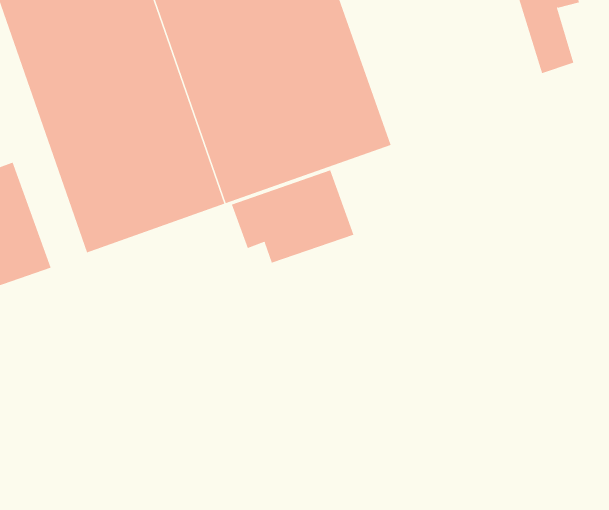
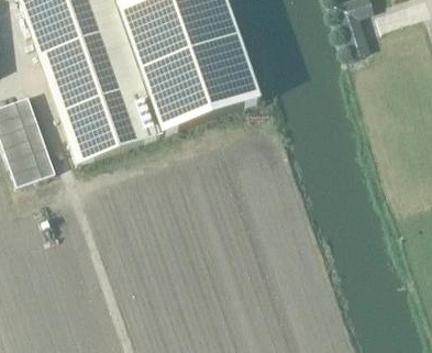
building: [231,169,354,263] -> none

